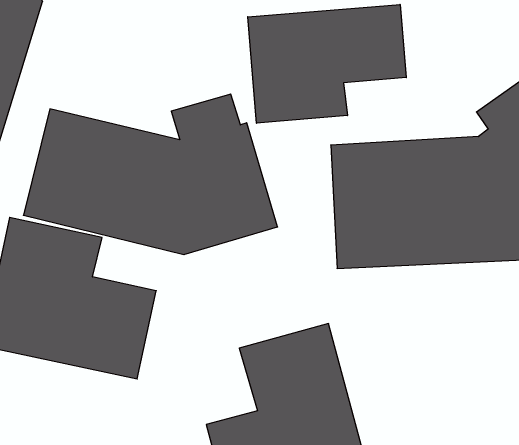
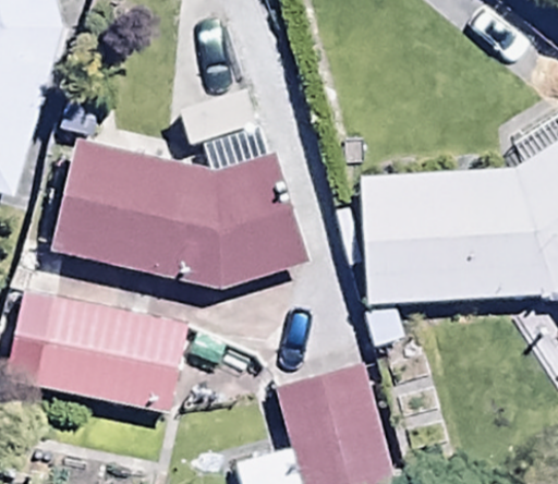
building: [248,4,406,123] -> none

